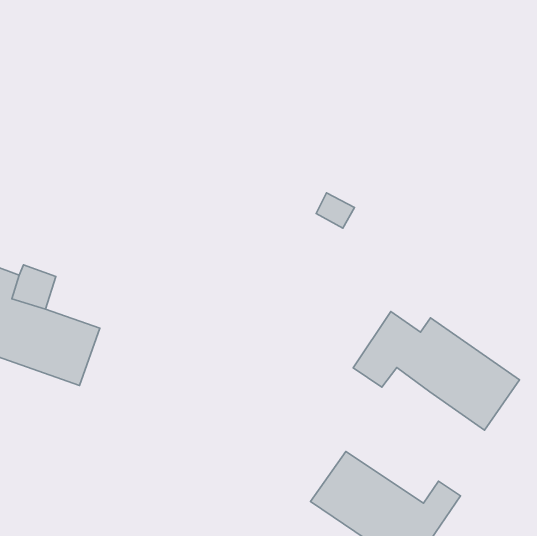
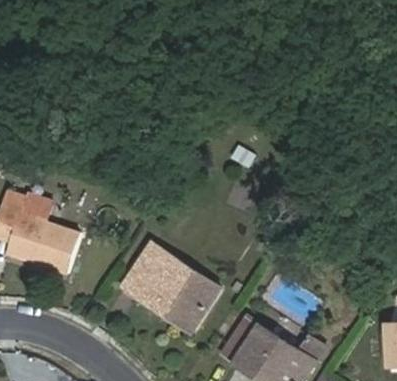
building: [353,311,519,430] -> none
building: none -> [138,244,219,332]

